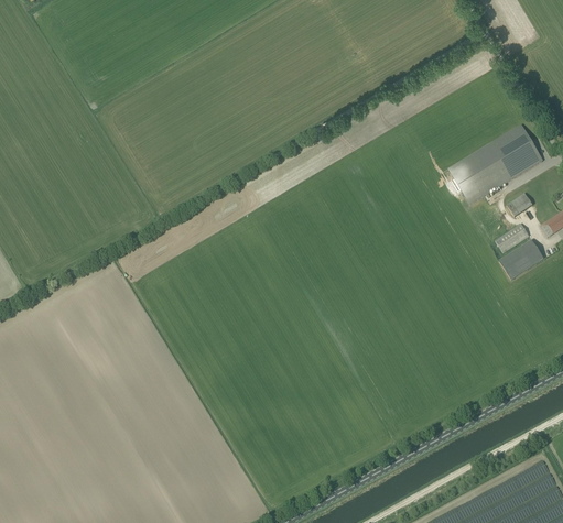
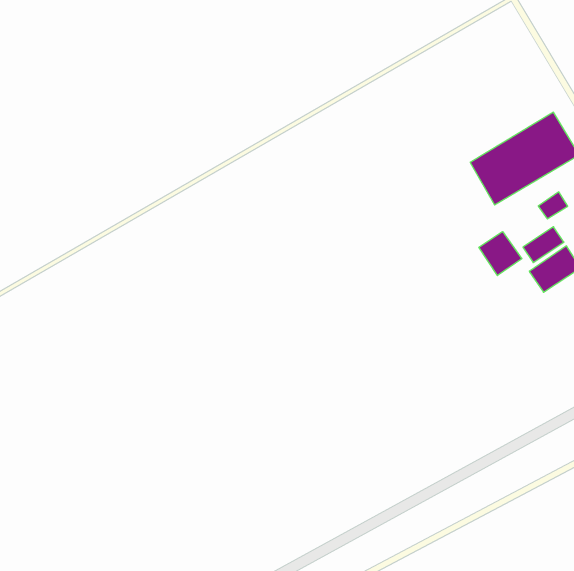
building: none -> [479,232,522,276]

